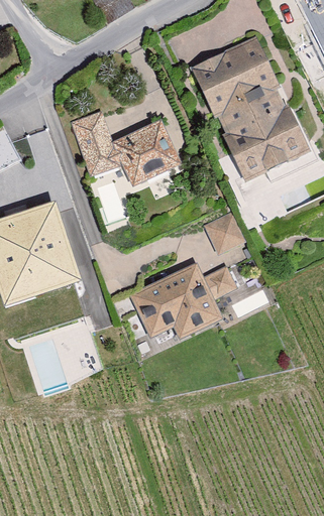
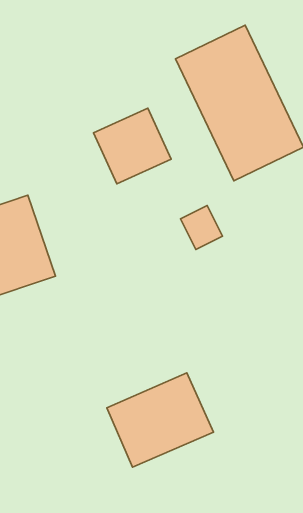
building: [67,108,119,175] -> none
building: [125,257,230,350] -> [107,373,214,467]

